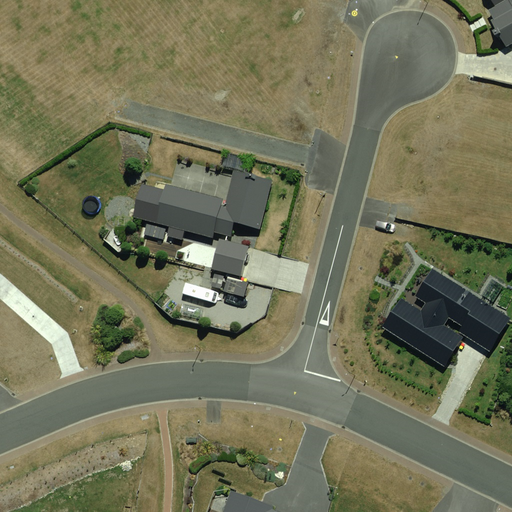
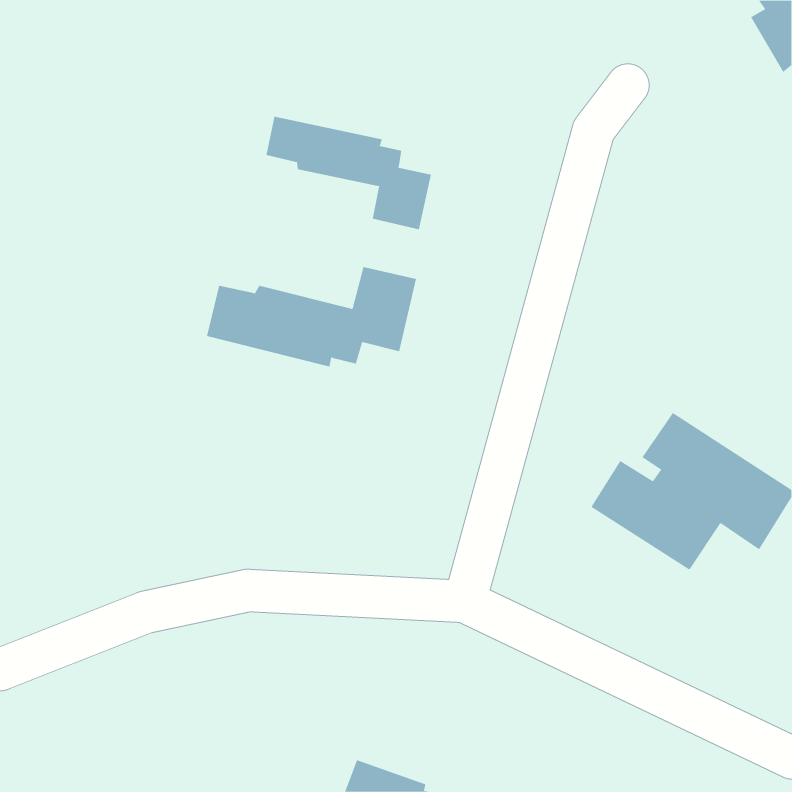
building: none -> [266,116,432,230]
building: [212,238,248,276] -> none

